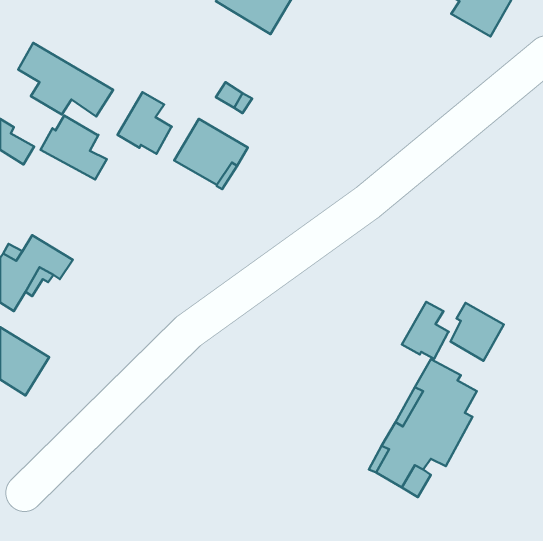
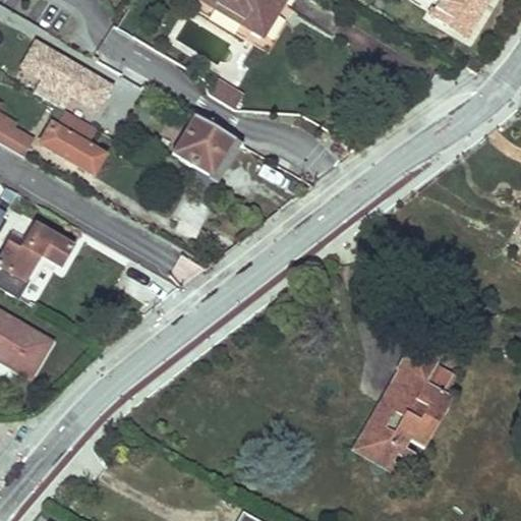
building: [118,92,172,154] -> none
building: [402,302,449,359] -> none
building: [450,303,504,361] -> none

